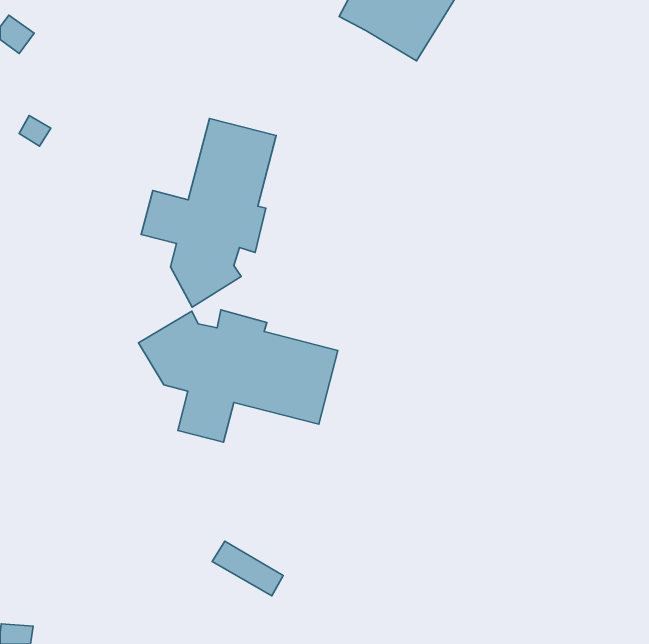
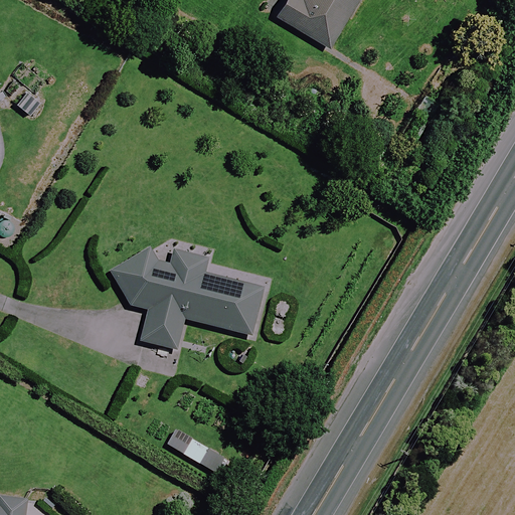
building: [141,118,276,307] -> none

